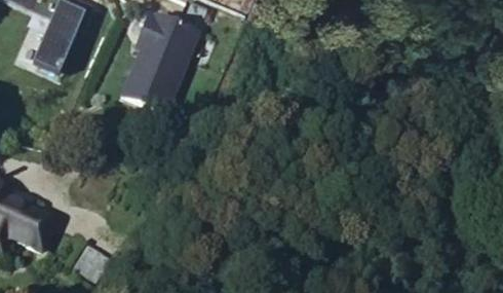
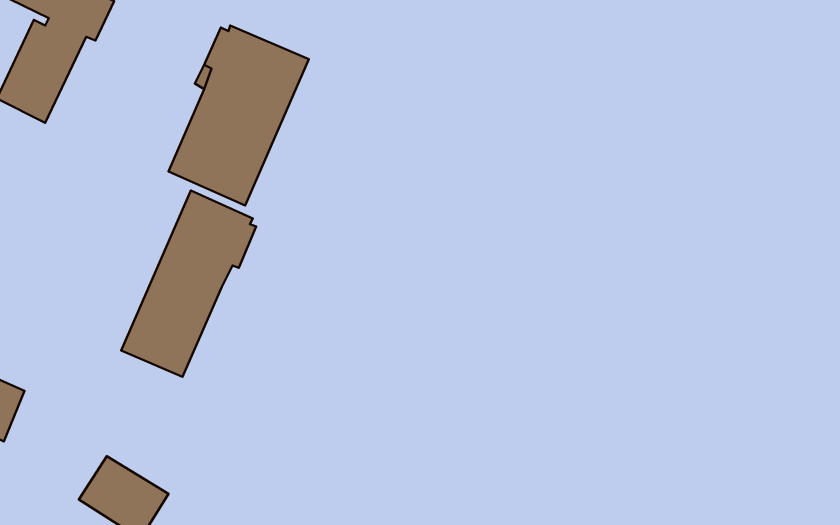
building: none -> [121,191,256,377]

